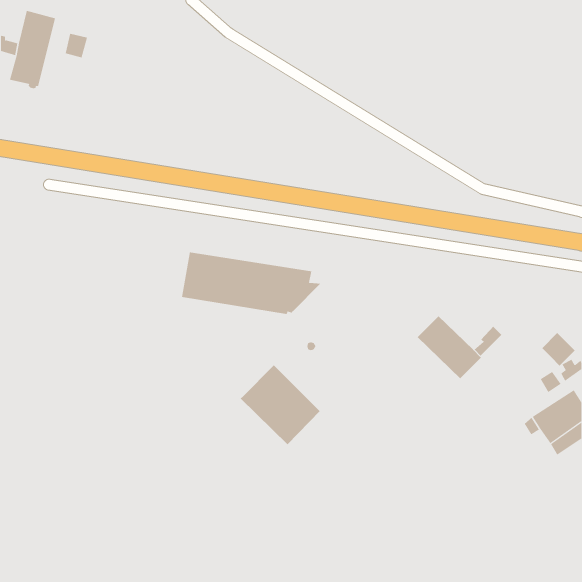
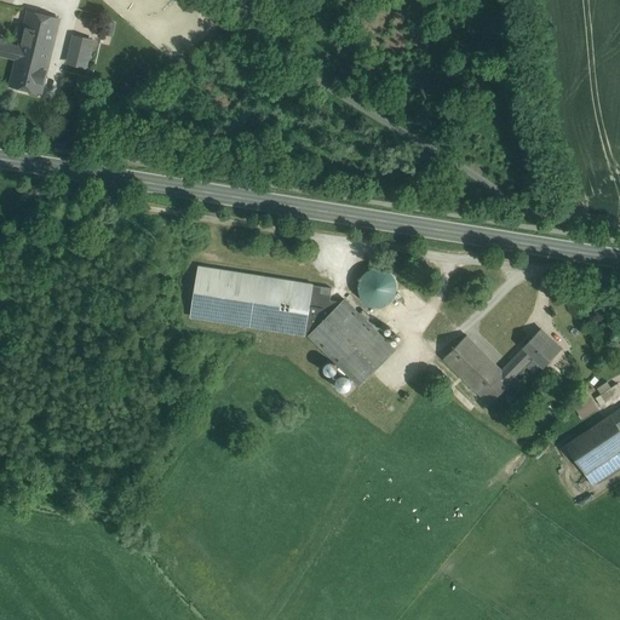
building: none -> [358,268,397,306]
building: [541,332,576,366] -> [524,329,561,366]
building: [240,364,321,445] -> [309,299,395,385]

